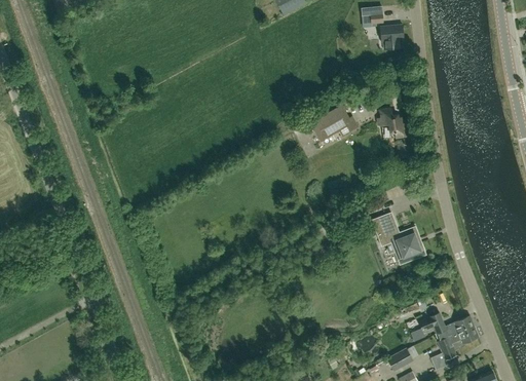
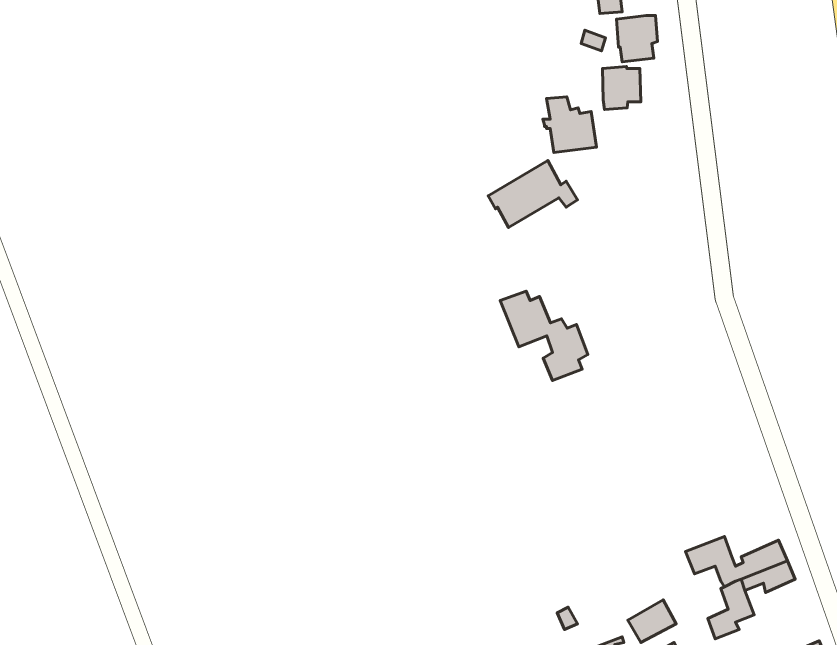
building: none -> [602,66,641,109]
building: [378,109,408,140] -> [543,97,597,153]
building: [372,215,420,264] -> [500,291,588,380]

